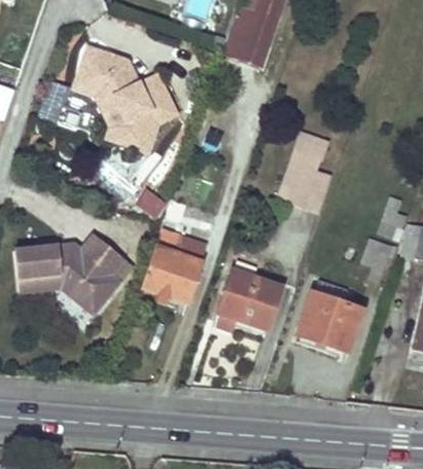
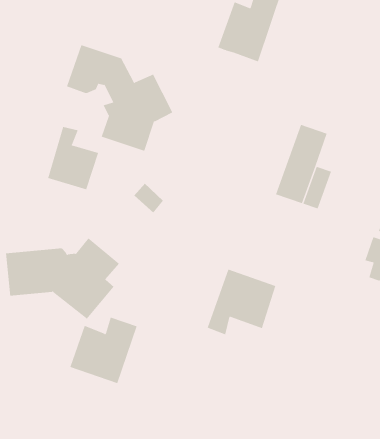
building: none -> [48,126,99,190]
building: [141,231,208,297] -> [69,317,138,384]
building: [297,278,360,349] -> none

